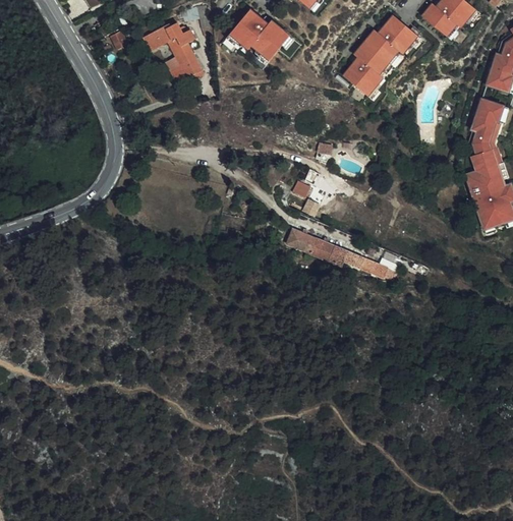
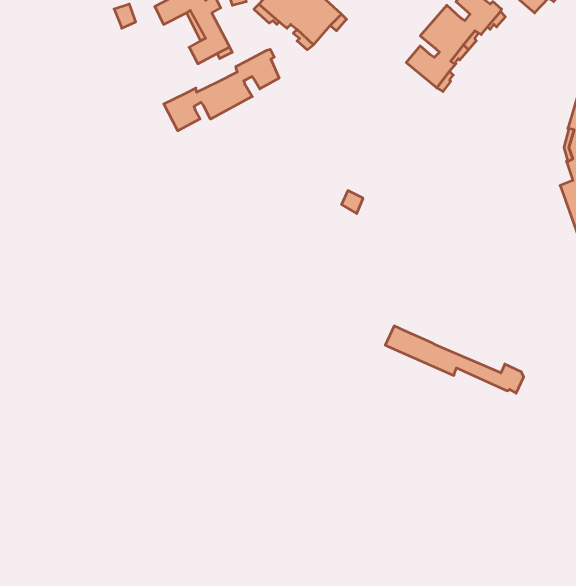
building: none -> [164,49,279,131]
building: [283,226,394,280] -> [385,326,524,393]

